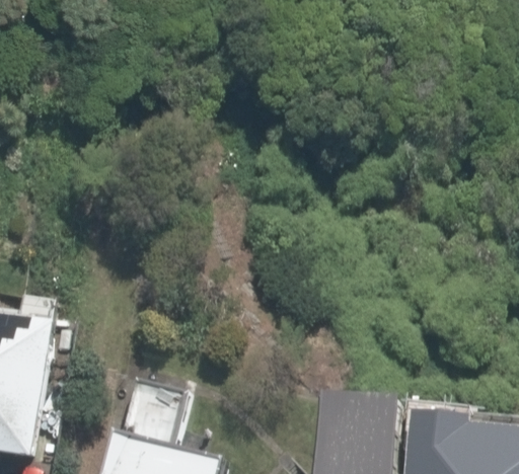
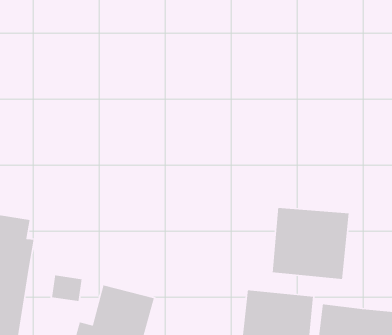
building: none -> [272,207,349,280]

